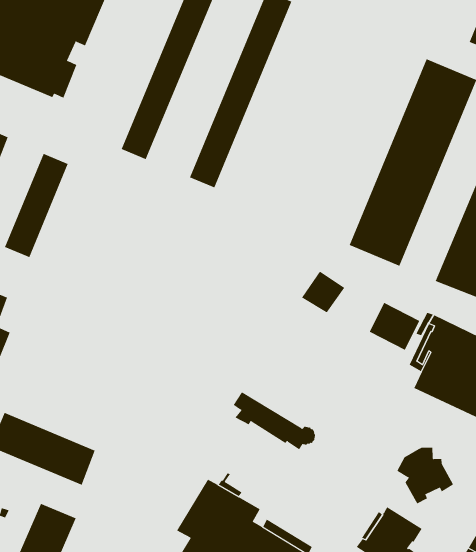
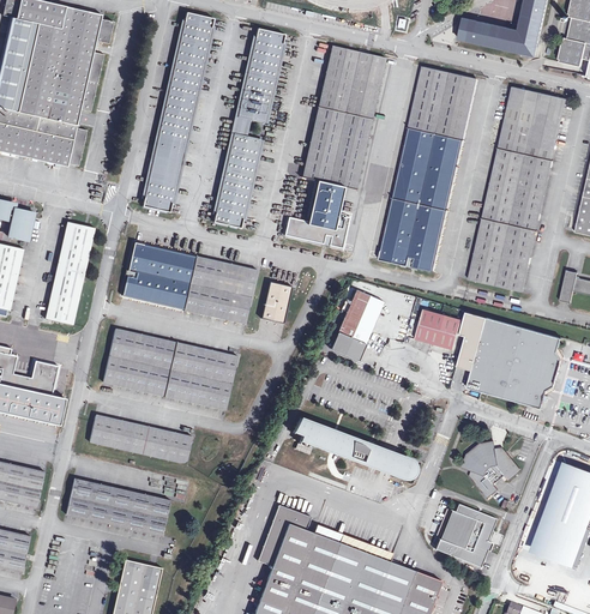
building: none -> [288,44,384,248]
building: none -> [122,242,257,321]
building: none -> [263,283,291,323]
building: none -> [103,327,237,408]
building: none -> [327,317,369,359]
building: none -> [89,414,192,462]
building: none -> [366,447,414,477]

